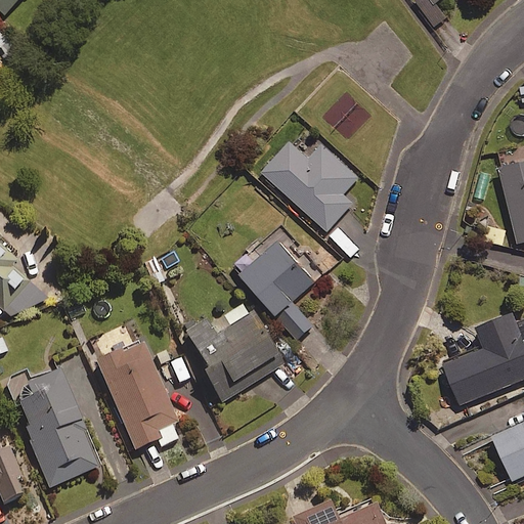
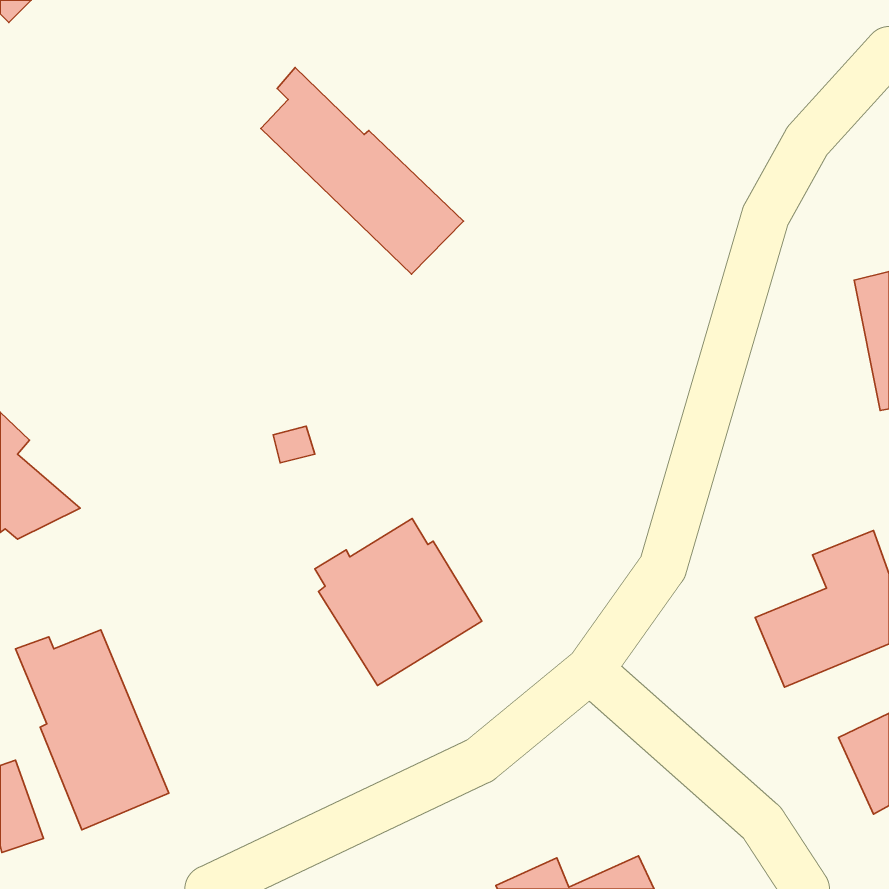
building: none -> [261,68,463,274]
building: [265,132,360,231] -> none
building: [235,231,316,339] -> none
building: [96,343,182,449] -> none

